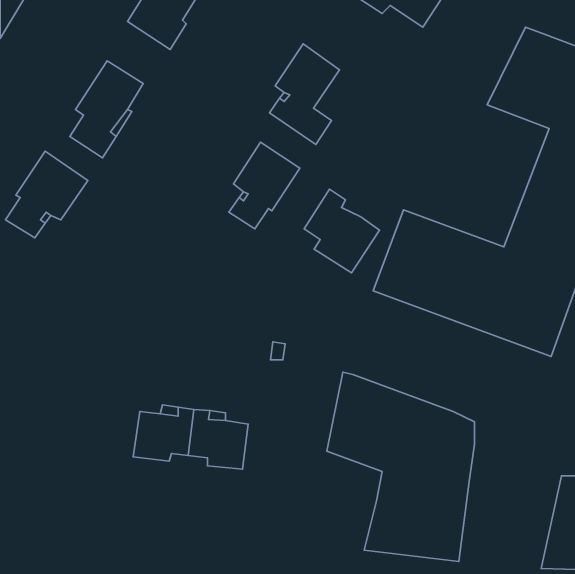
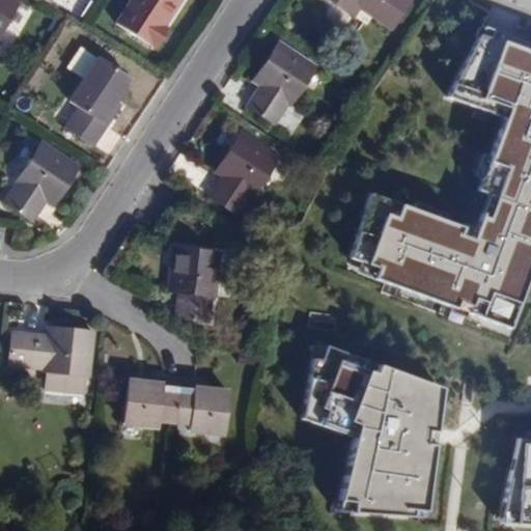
building: [304,189,380,273] -> none
building: none -> [170,246,219,317]
building: none -> [10,326,94,390]

